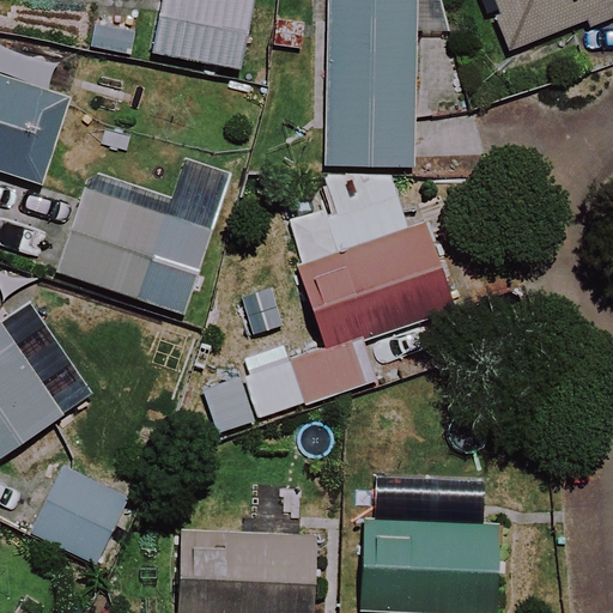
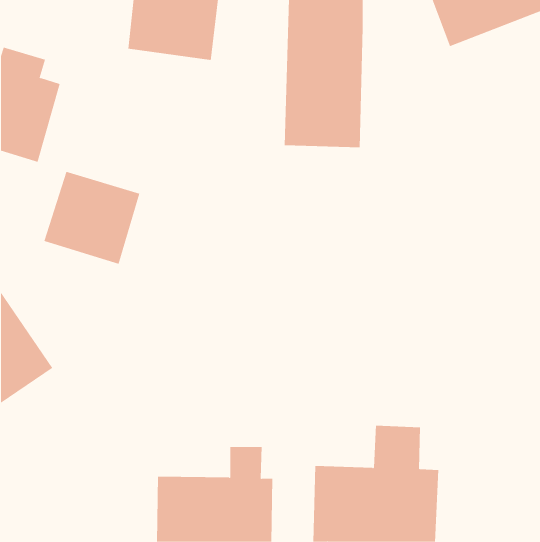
building: [211,172,453,432] -> none
building: [30,463,128,563] -> none

